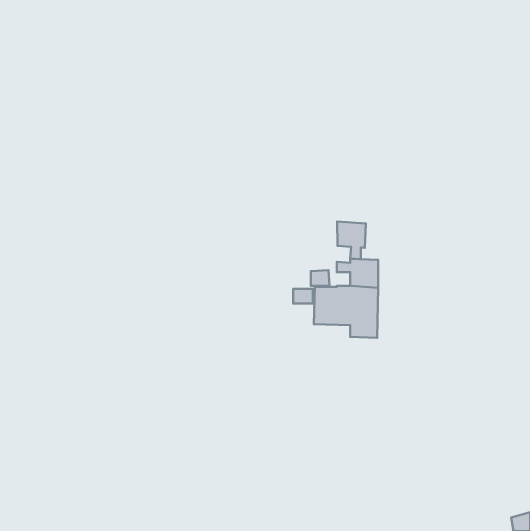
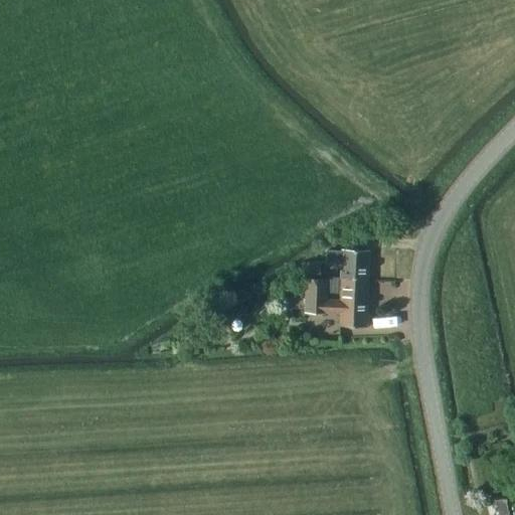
building: [337,222,366,259] -> none

